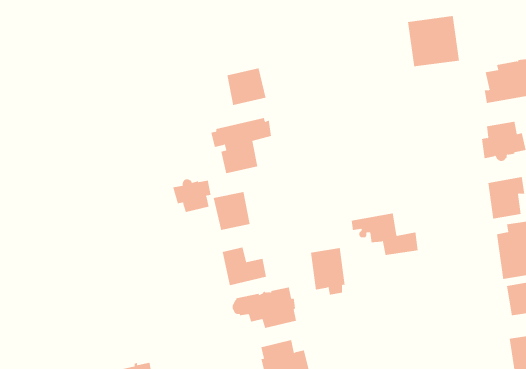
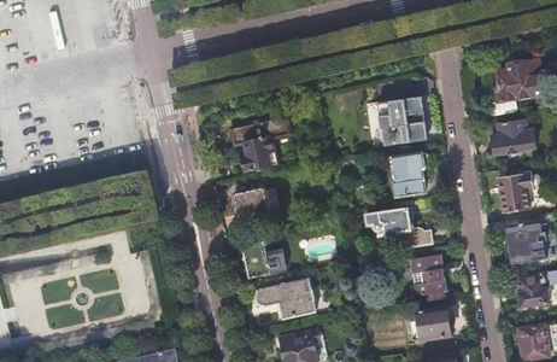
building: [407,15,460,67] -> [377,97,428,146]
building: [227,68,266,106] -> none
building: none -> [393,153,428,195]
building: [173,179,211,213] -> none
building: [310,248,345,295] -> [411,255,445,300]
building: none -> [409,306,451,341]

